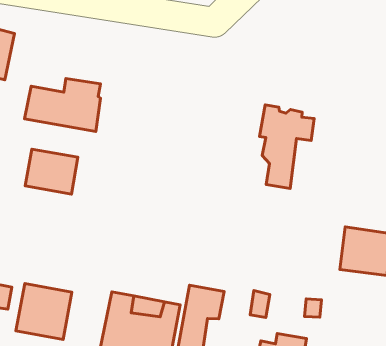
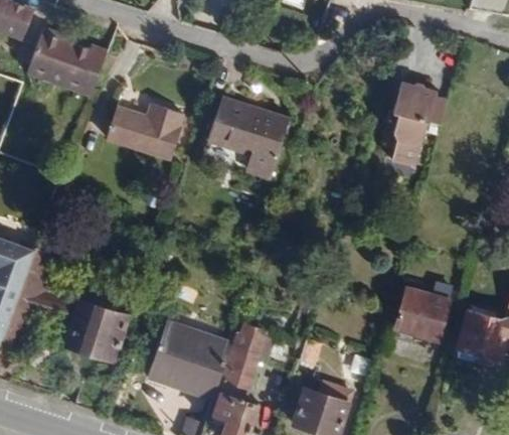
building: none -> [206,99,289,179]
building: [259,105,314,188] -> [390,81,447,166]
building: [25,149,78,194] -> none

